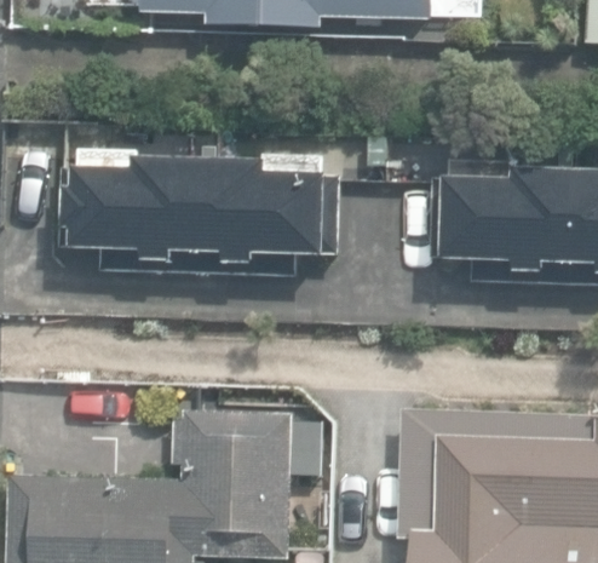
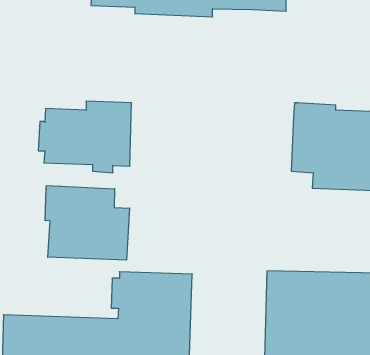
building: [200,159,341,264] -> none
building: none -> [45,186,130,260]

